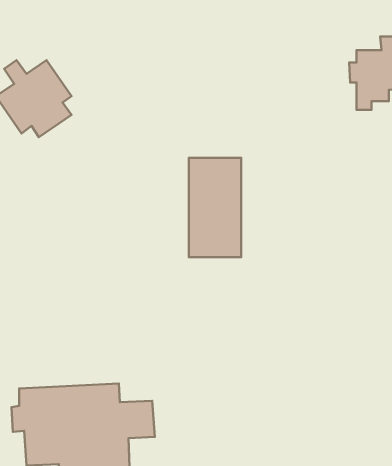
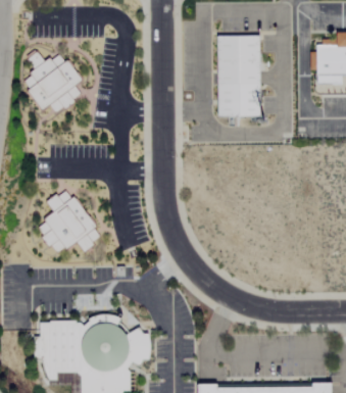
building: [189,158,241,257] -> [217,36,260,117]
building: none -> [36,188,101,256]

